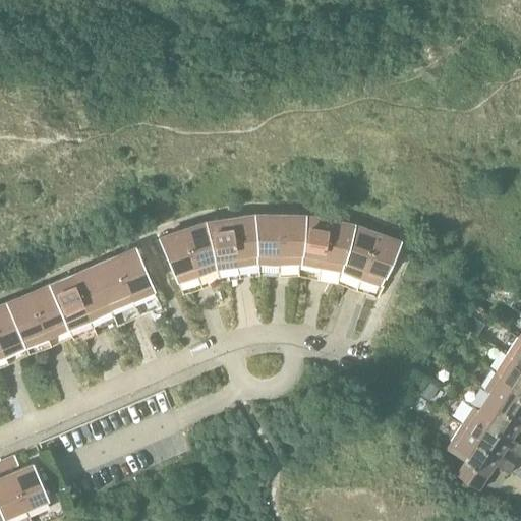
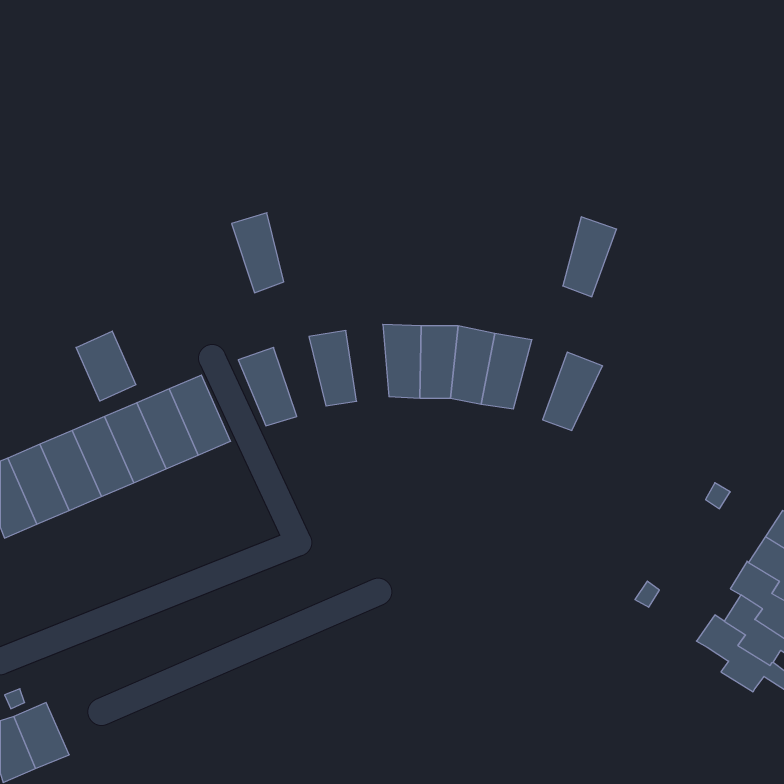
building: [230,216,258,267] -> none
building: none -> [76,331,136,401]
building: [182,224,217,277] -> [232,213,284,293]
building: [341,226,377,279] -> [563,217,617,297]
building: [447,429,516,489] -> none

